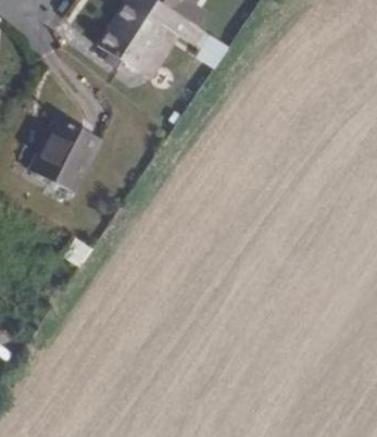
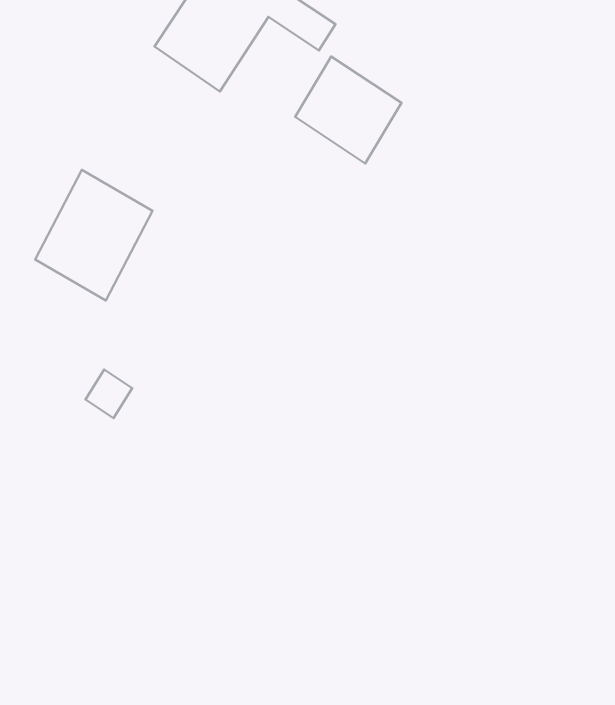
building: none -> [295,57,402,163]

